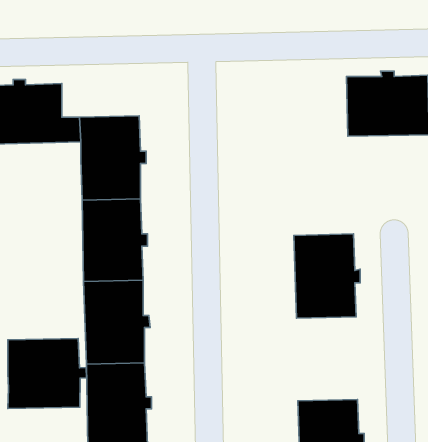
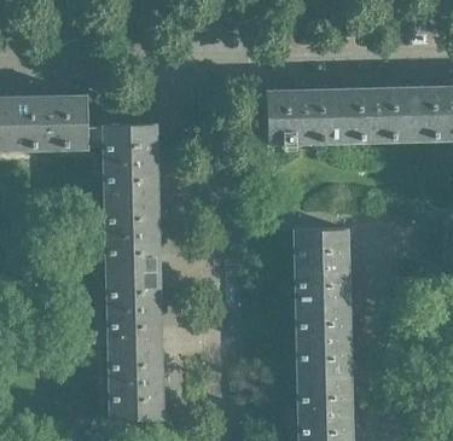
building: none -> [266,87,341,145]
building: none -> [295,304,353,379]
building: [8,339,87,409] -> none

